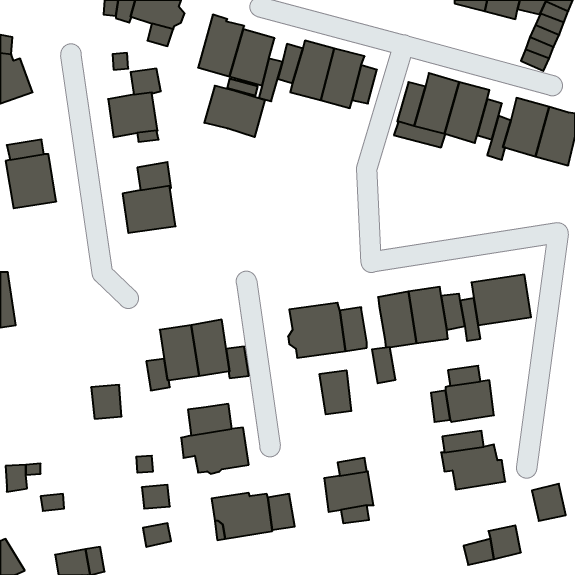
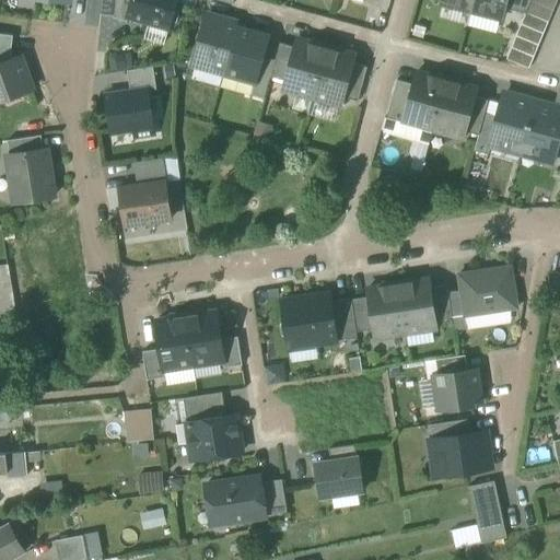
building: [204,86,265,137] -> none
building: [372,347,396,383] -> [351,298,374,332]
building: [320,370,351,414] -> none
building: [91,385,122,419] -> [124,409,153,442]
building: [532,484,566,521] -> [468,480,501,516]

